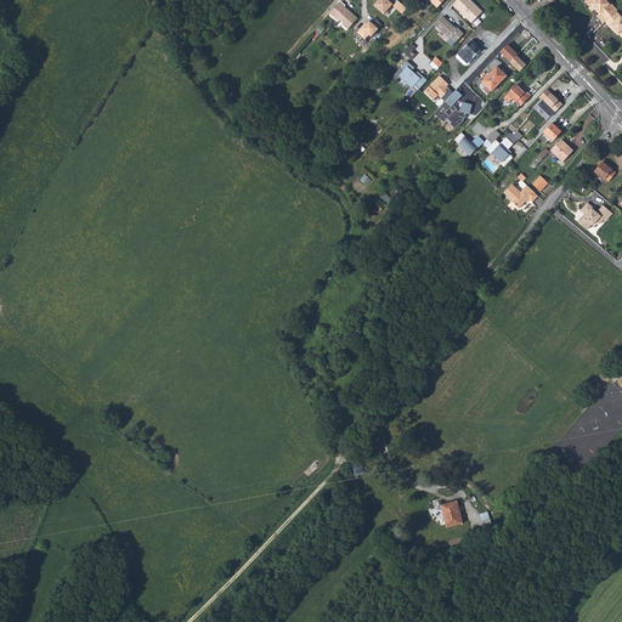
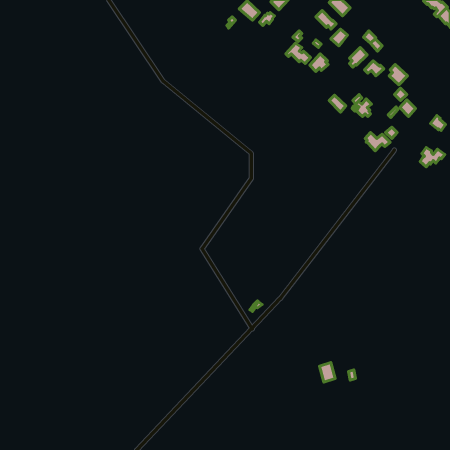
building: [432,89,470,128] -> none

